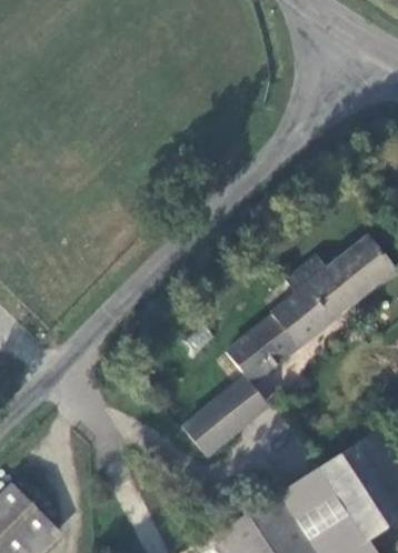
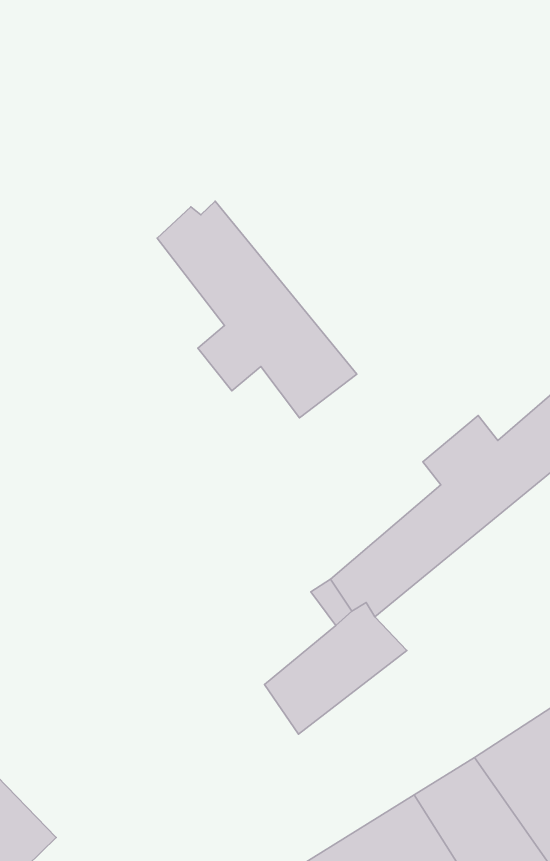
building: none -> [157,201,357,418]

